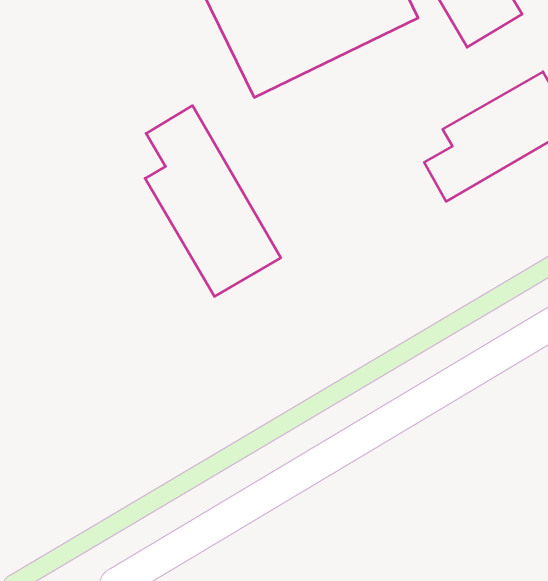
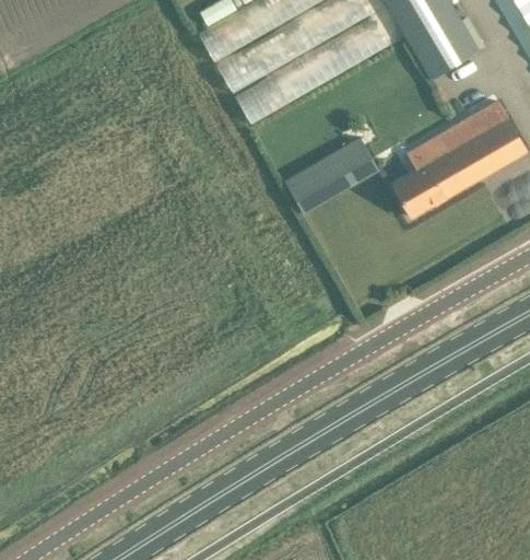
building: [145,106,281,296] -> none
building: none -> [285,136,380,212]

